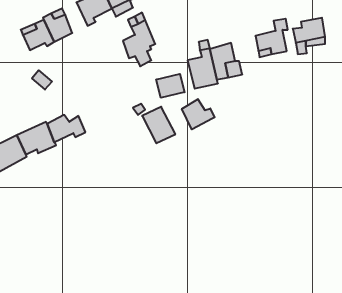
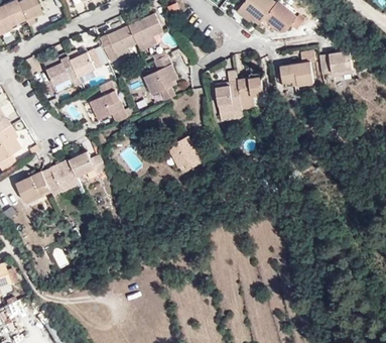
building: none -> [92,79,130,123]
building: [156,74,185,98] -> none
building: [182,99,215,129] -> none

